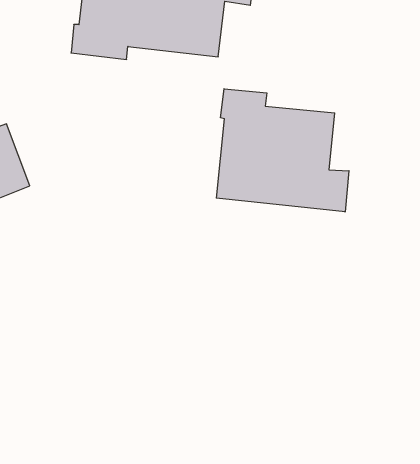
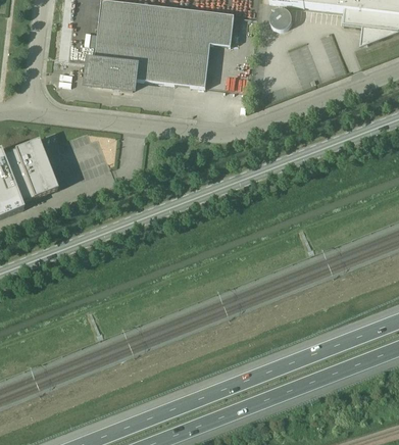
building: [216,89,349,212] -> none

